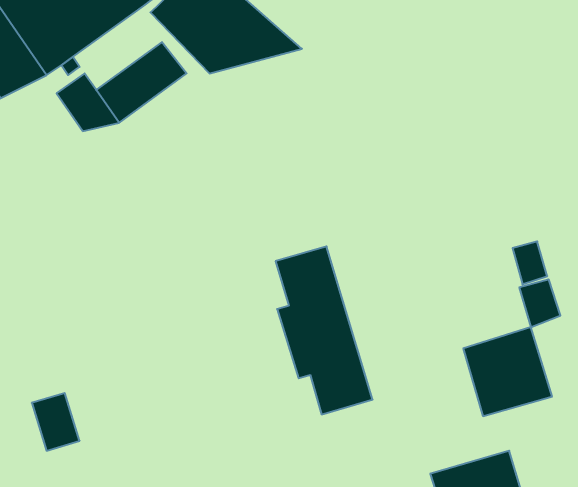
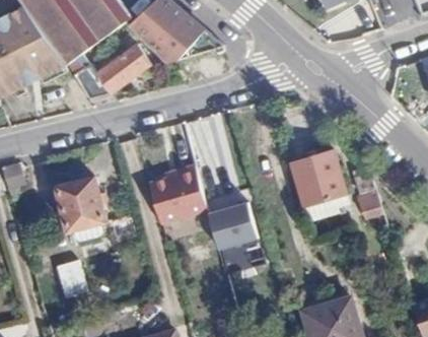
building: none -> [148,165,205,221]
building: none -> [56,176,106,240]
building: [463,327,552,416] -> [291,150,346,205]

